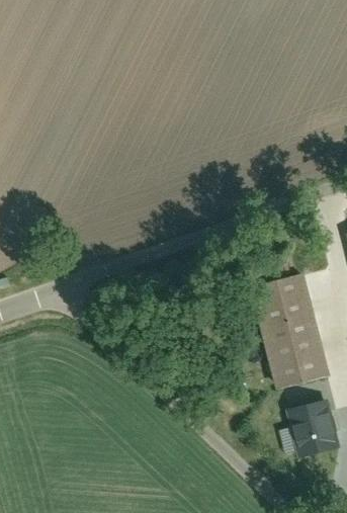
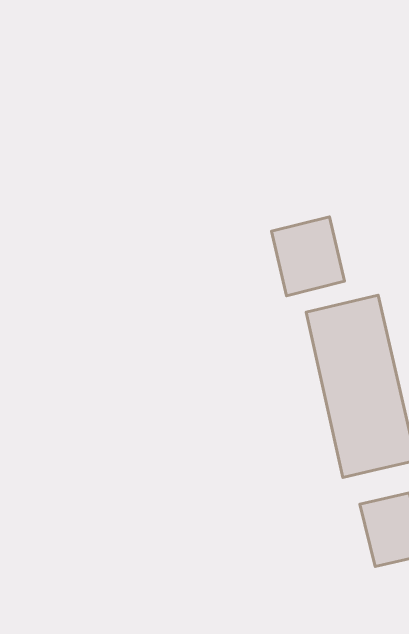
building: none -> [272,217,344,296]

